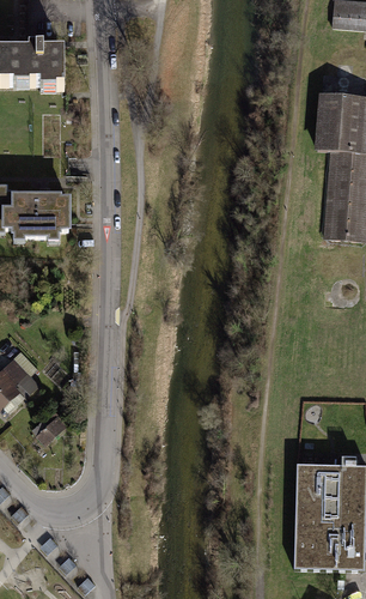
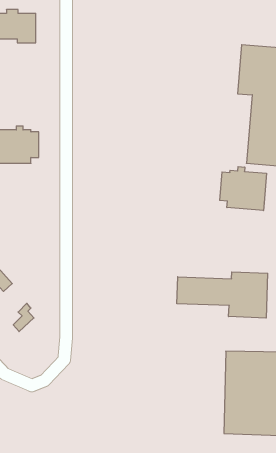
building: none -> [220,167,266,211]
building: none -> [177,272,268,318]

